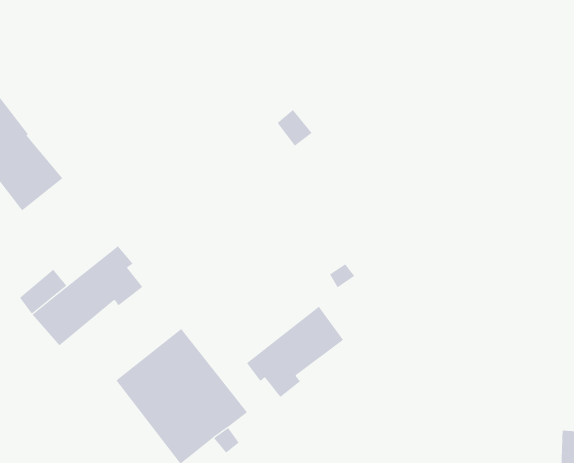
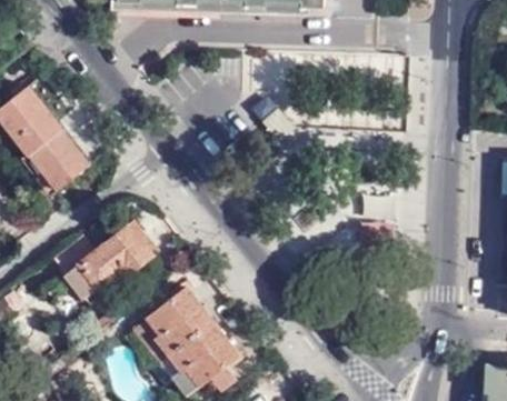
building: [246,306,344,398] -> none

